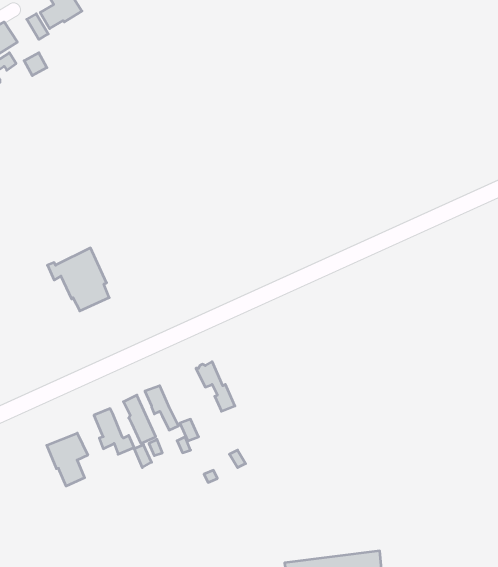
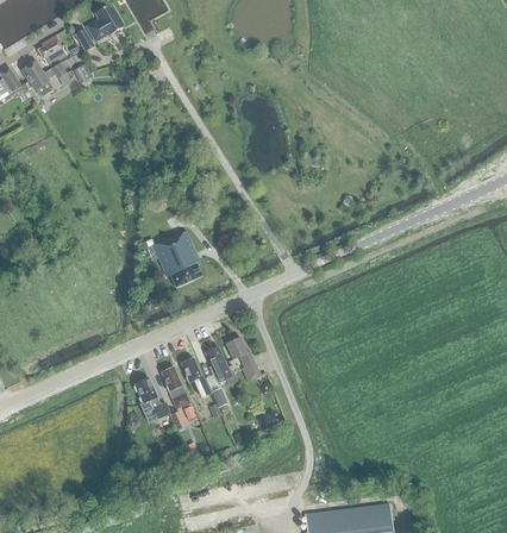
building: [47,248,109,311] -> [146,231,201,287]
building: none -> [205,345,237,383]
building: [47,433,88,486] -> none

